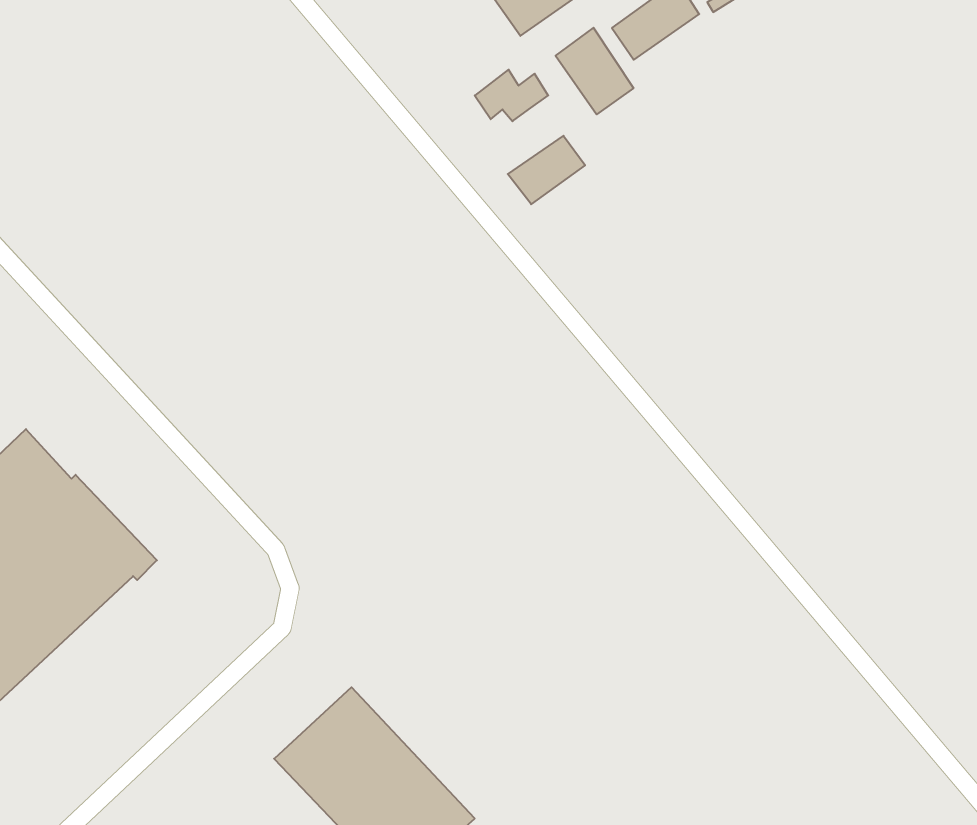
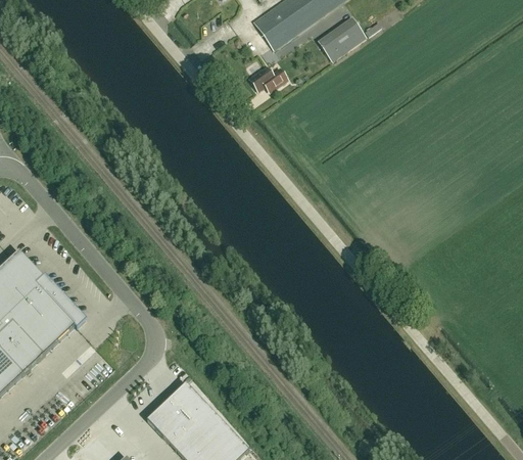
building: [556,28,633,114] -> none
building: [508,136,585,204] -> none

